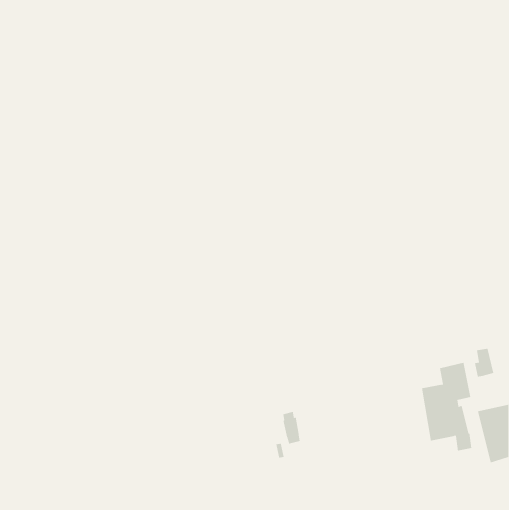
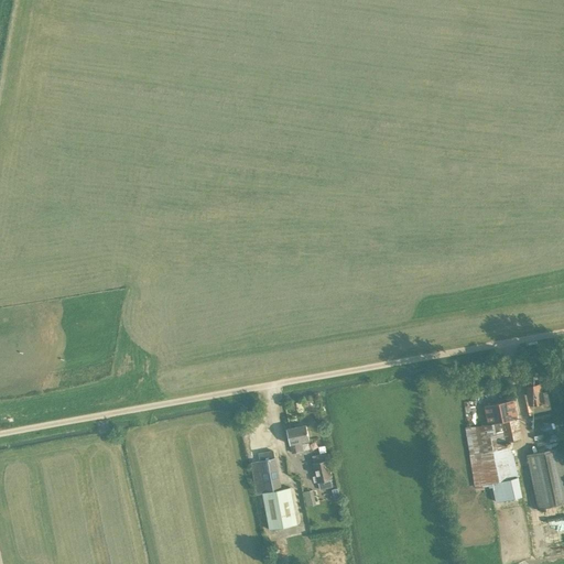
building: none -> [285,425,308,454]
building: none -> [250,458,296,530]

